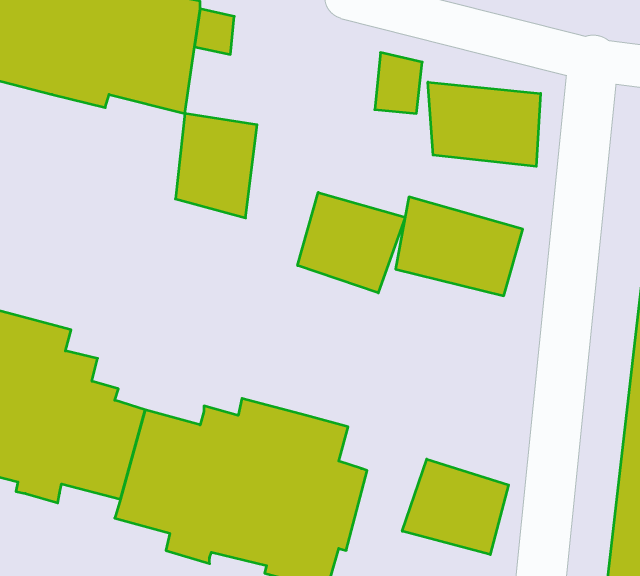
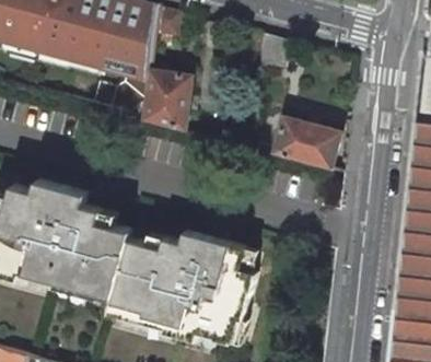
building: [428,82,541,166] -> none
building: [298,192,405,293] -> none
building: [402,459,509,555] -> none

